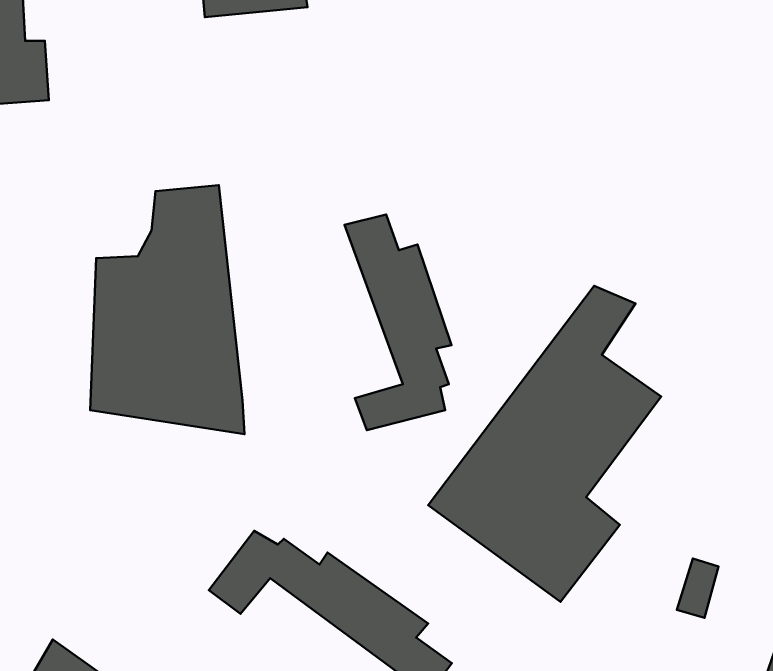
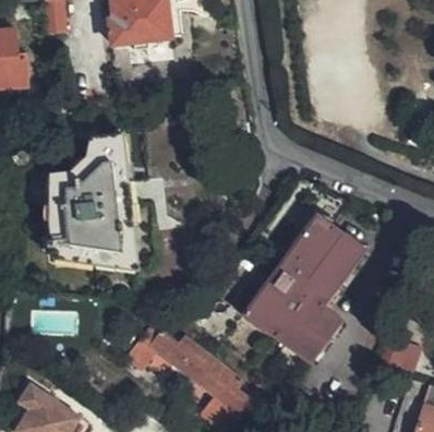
building: [345,215,451,430] -> none

